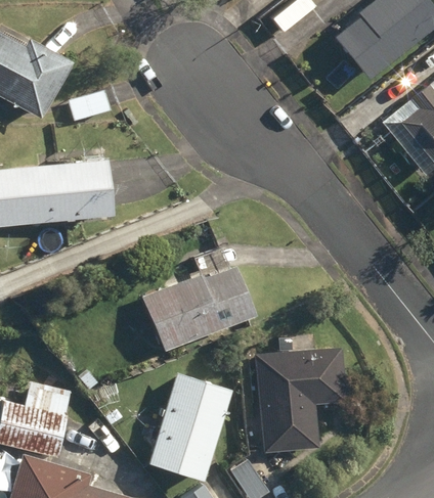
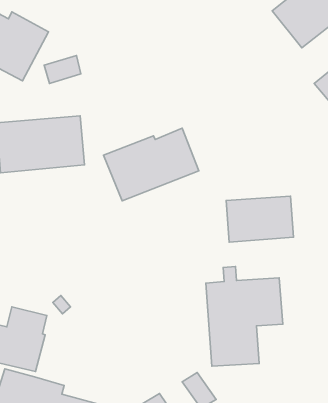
building: none -> [226,196,293,242]
building: [144,266,256,351] -> [104,128,199,201]
building: [149,373,232,481] -> none

